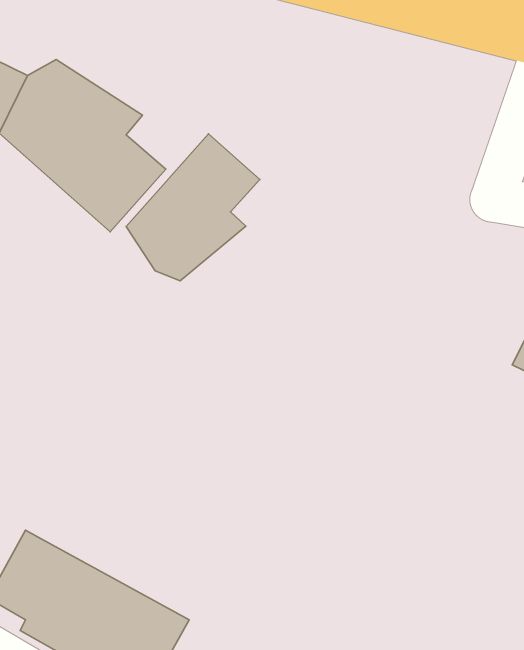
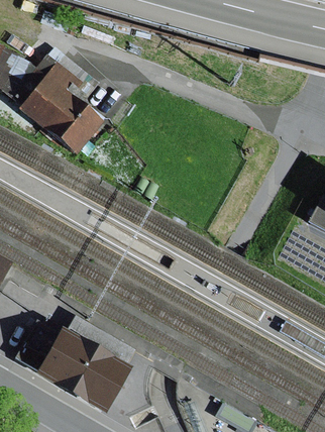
building: [126,134,260,281] -> none

